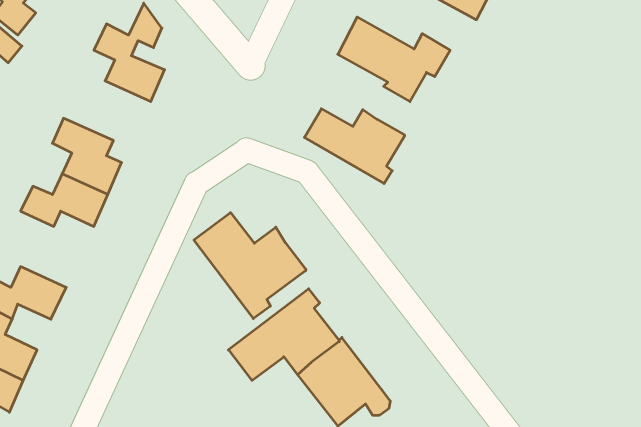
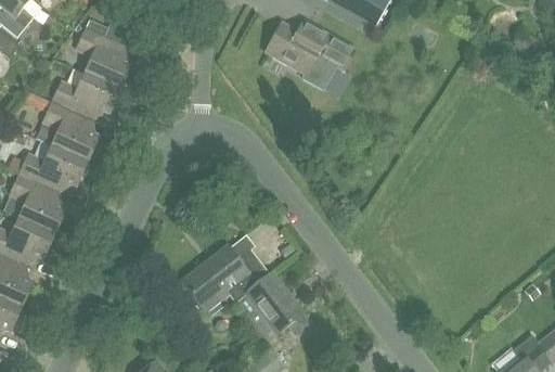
building: none -> [52,72,120,118]
building: [304,109,405,184] -> none
building: none -> [10,174,65,233]
building: [194,213,306,319] -> none

